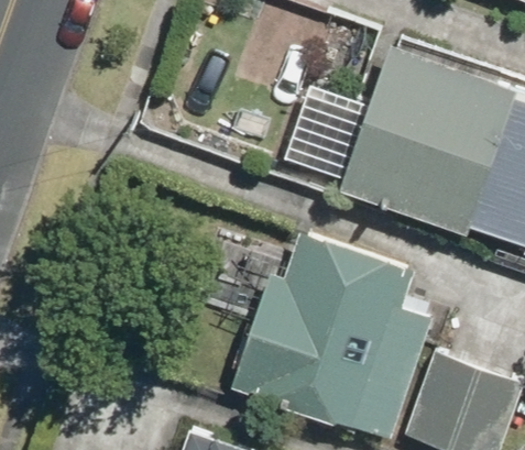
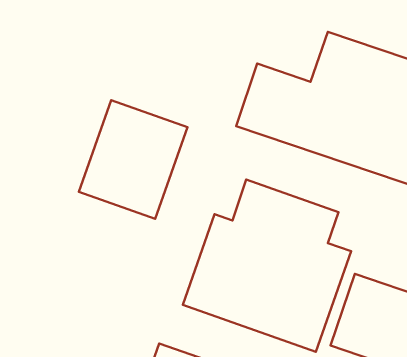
building: none -> [79,100,188,219]

